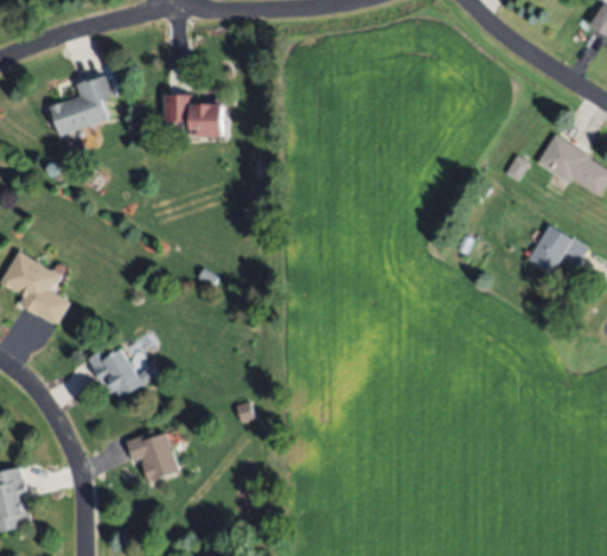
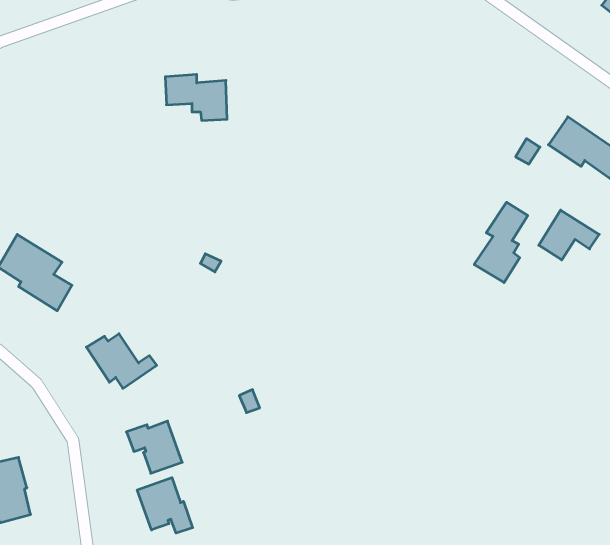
building: [49,72,111,134] -> none
building: none -> [474,202,528,283]
building: none -> [137,478,193,533]

